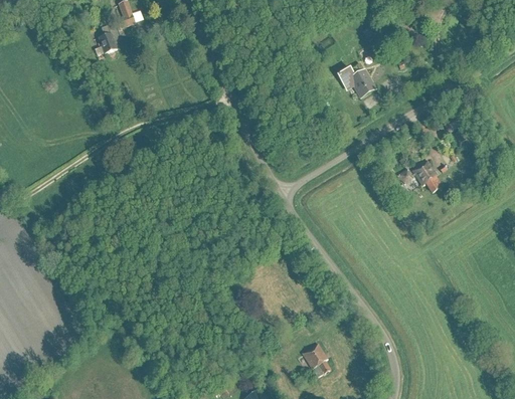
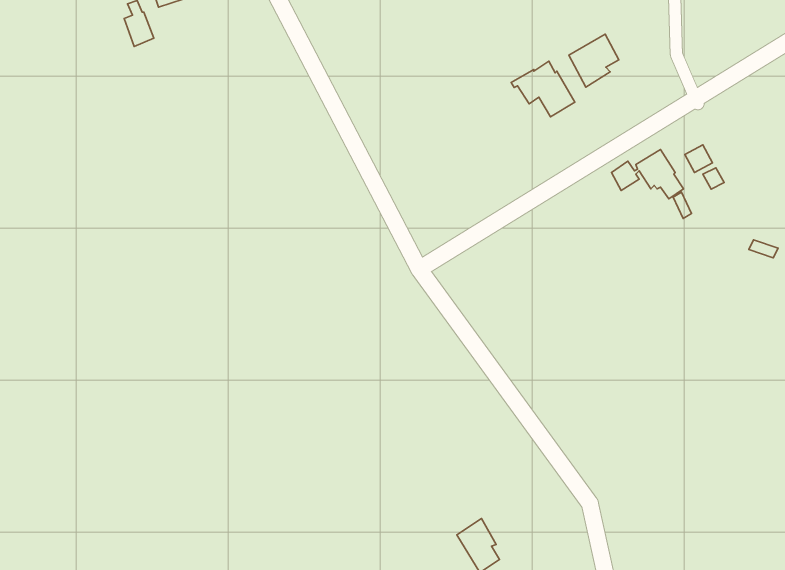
building: none -> [569,34,619,87]
building: [396,160,441,190] -> [611,150,684,199]

